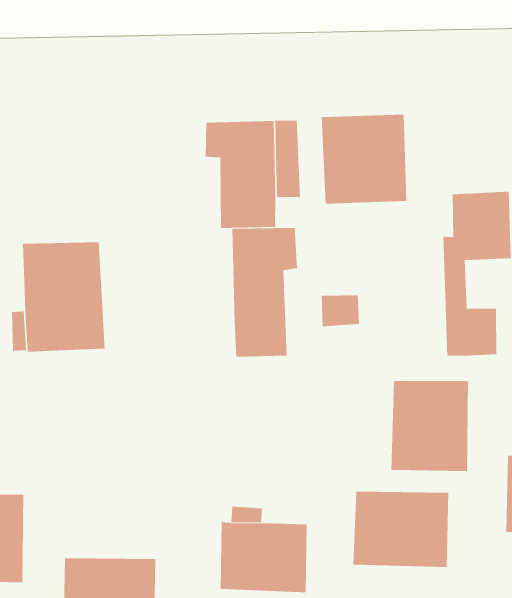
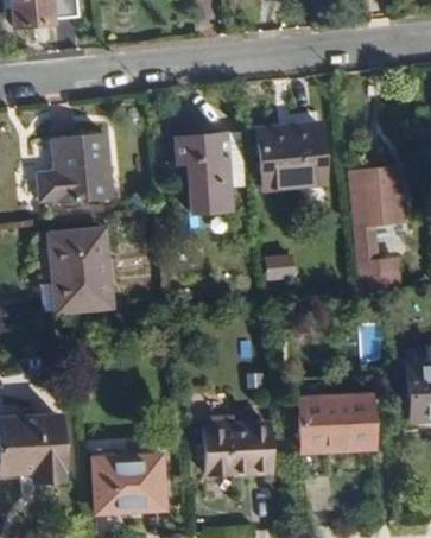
building: none -> [38,133,112,204]
building: [232,227,297,358] -> none
building: [391,380,469,472] -> none

